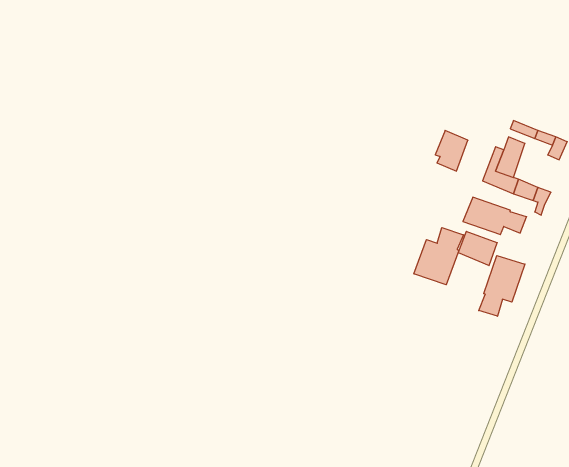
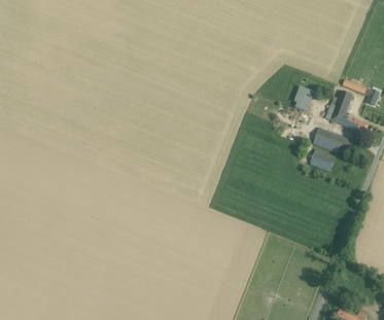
building: [414,228,464,285] -> none
building: [479,256,525,316] -> none

